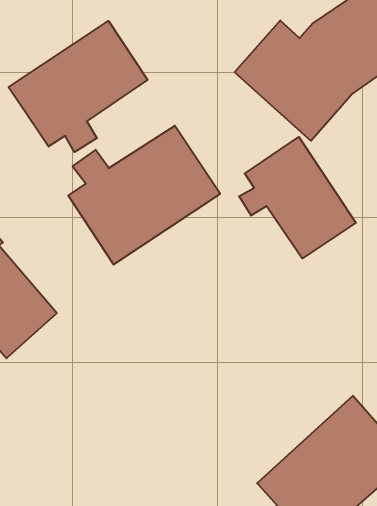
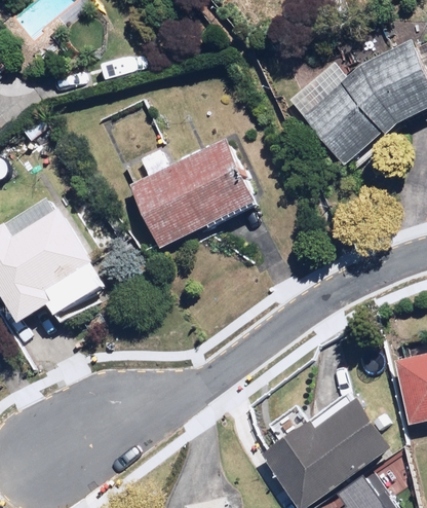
building: [9,21,148,152] -> none
building: [239,137,356,258] -> none

